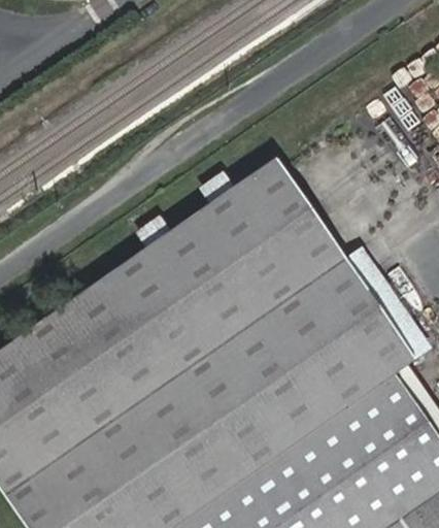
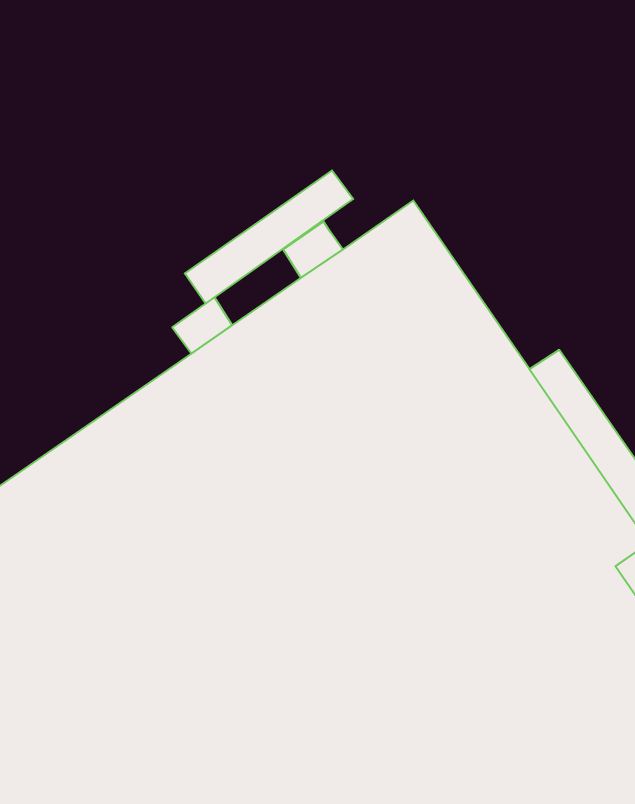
building: none -> [185,170,353,304]

